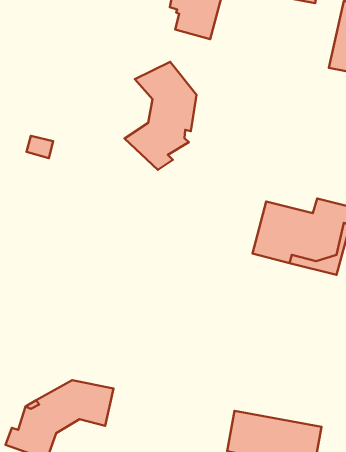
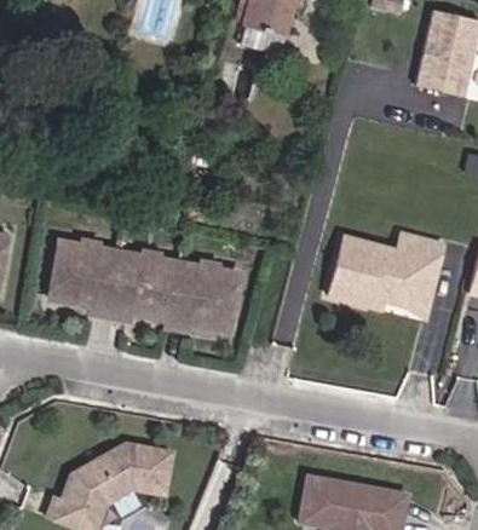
building: [125,62,197,170] -> none
building: none -> [52,241,241,328]

